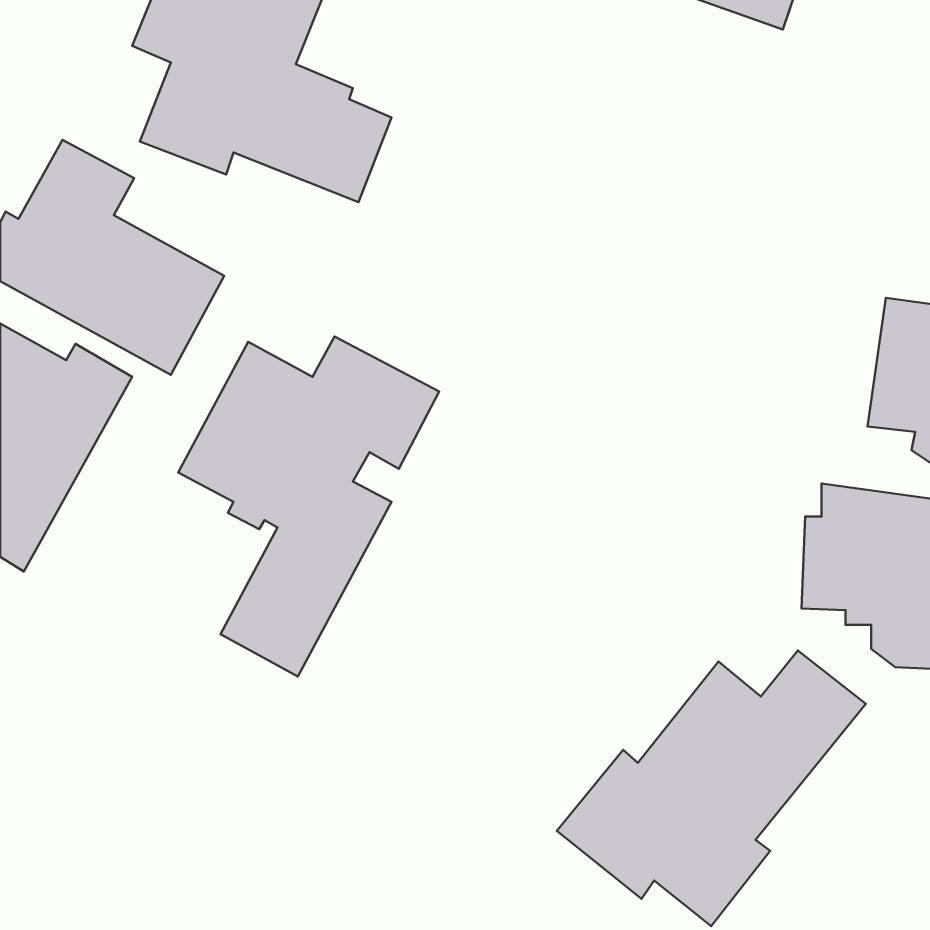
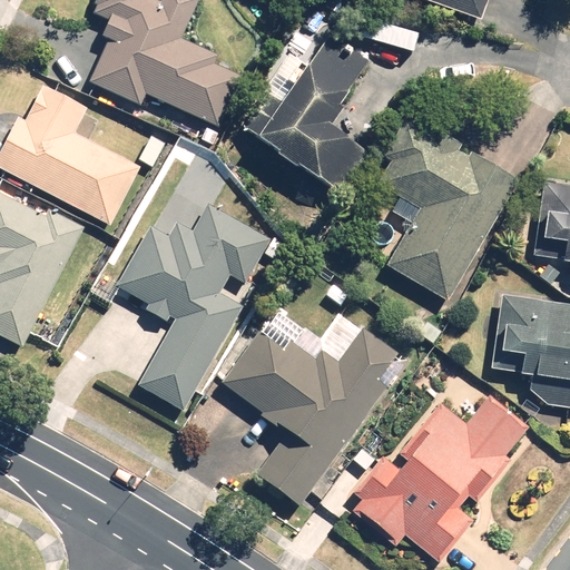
building: none -> [244,31,367,198]
building: none -> [376,118,518,299]
building: none -> [217,324,400,507]

